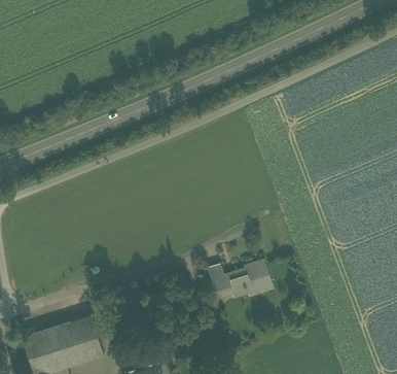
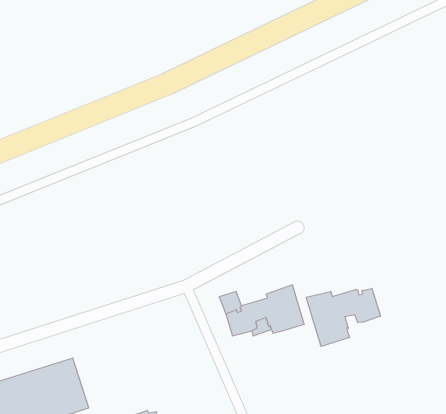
building: none -> [306,288,380,346]

